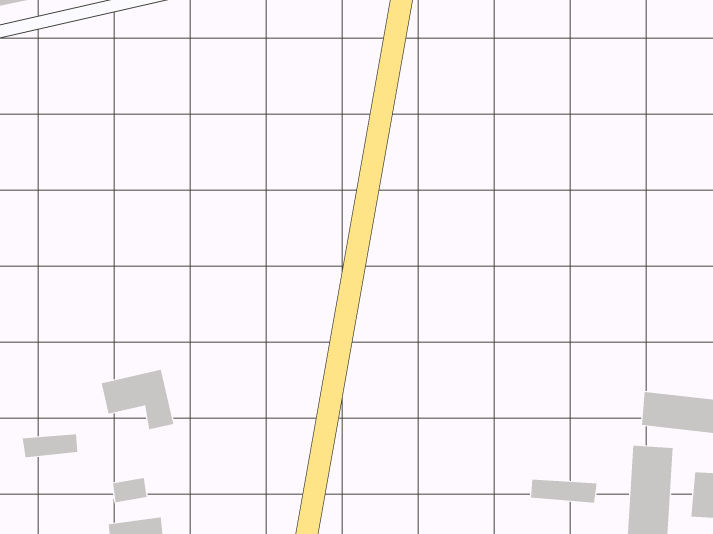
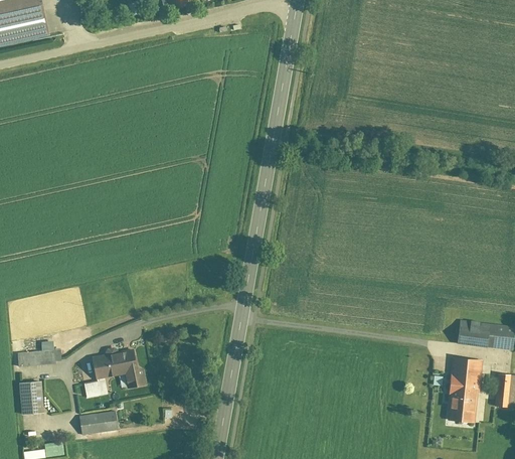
building: [101,369,174,430] -> [93,346,145,390]
building: none -> [18,380,45,416]
building: [531,479,597,504] -> none

